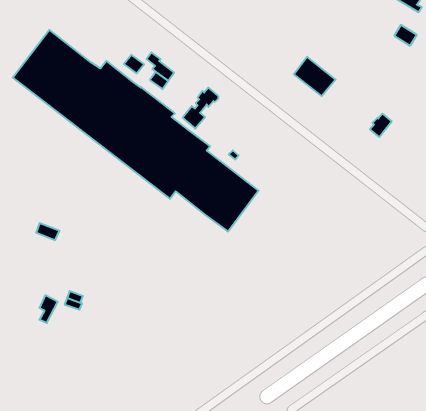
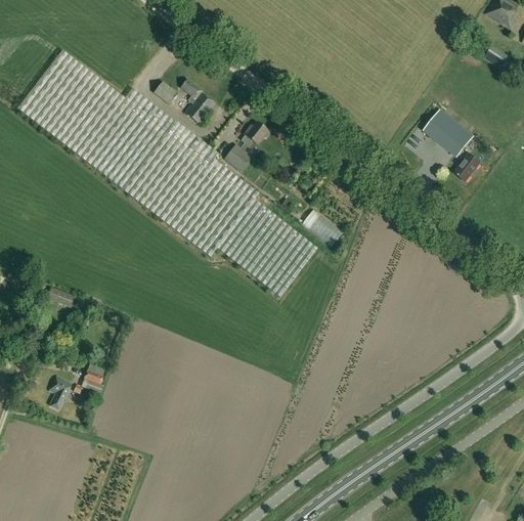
building: [294,57,336,96] -> [423,108,474,157]

